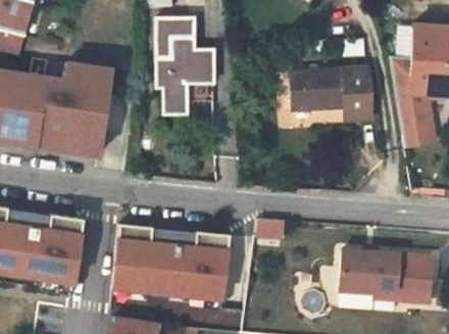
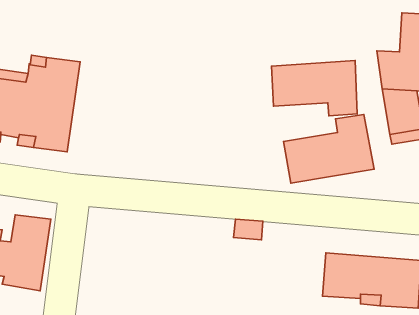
building: [156,18,214,115] -> none
building: none -> [284,114,374,183]
building: [114,224,231,299] -> none

